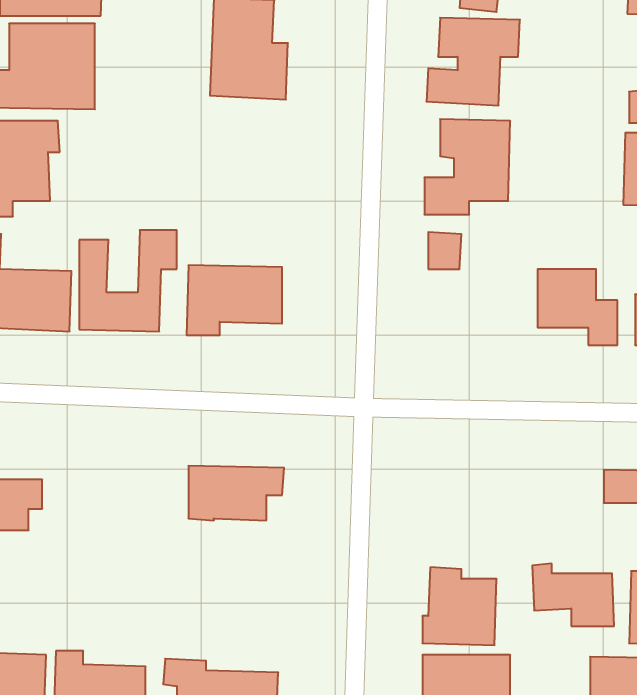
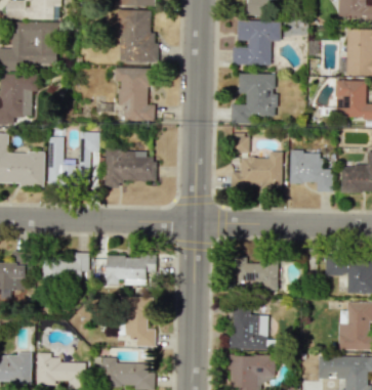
building: none -> [116,67,156,121]
building: none -> [231,151,283,188]
building: none -> [42,255,89,277]
building: none -> [124,296,156,346]
building: [532,564,614,626] -> [236,256,279,289]

